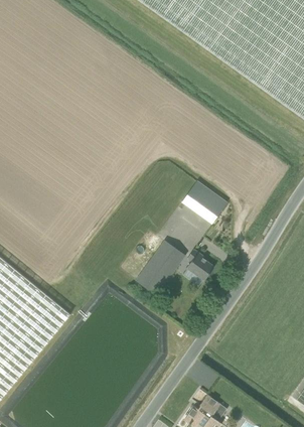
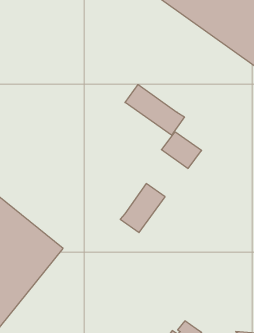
building: none -> [125,85,184,135]
building: [186,248,215,279] -> none

